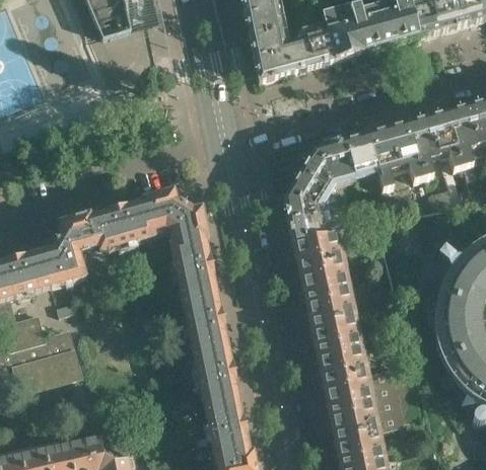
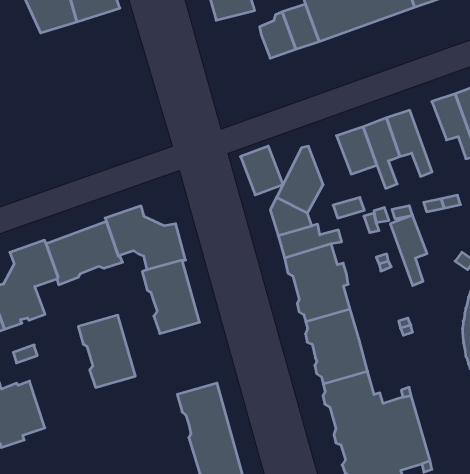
building: [249,29,292,81] -> none
building: [408,118,437,177] -> [390,215,427,286]
building: [320,141,354,181] -> [240,146,283,195]
building: [182,291,227,350] -> [78,315,135,387]

